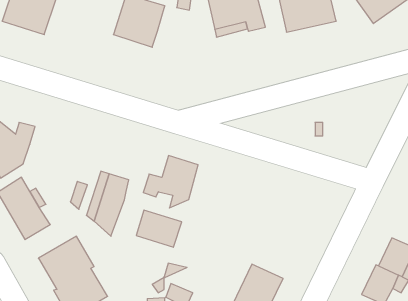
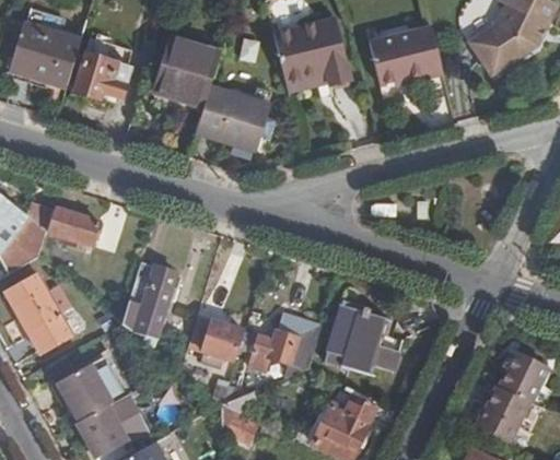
building: none -> [73,50,131,98]
building: none -> [197,85,271,149]
building: none -> [46,209,97,250]
building: [143,156,198,208] -> [248,310,319,378]
building: none -> [324,299,404,377]

